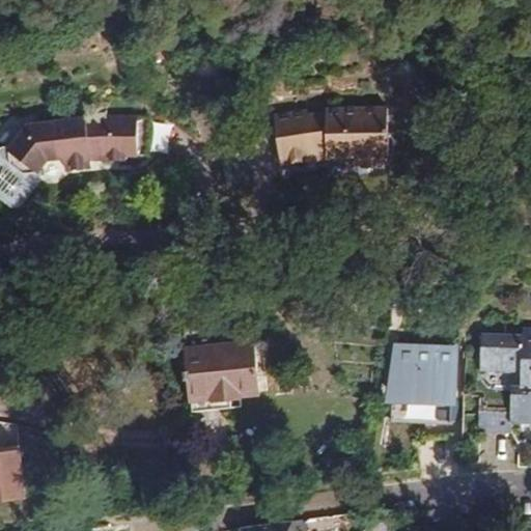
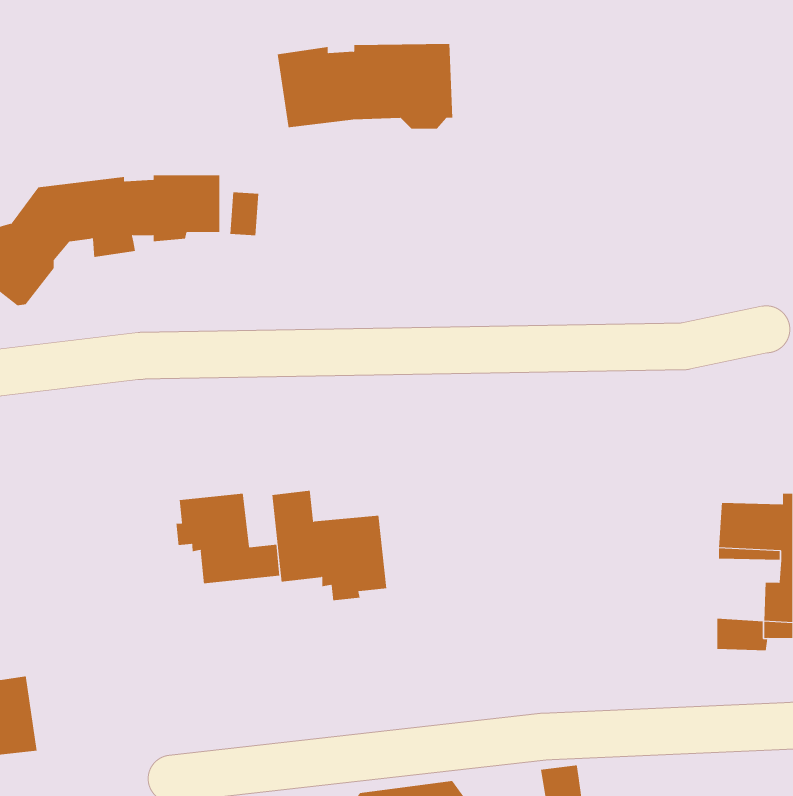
building: [271,109,388,166] -> [277,43,453,129]
building: none -> [176,493,280,584]
building: [390,342,463,404] -> none

